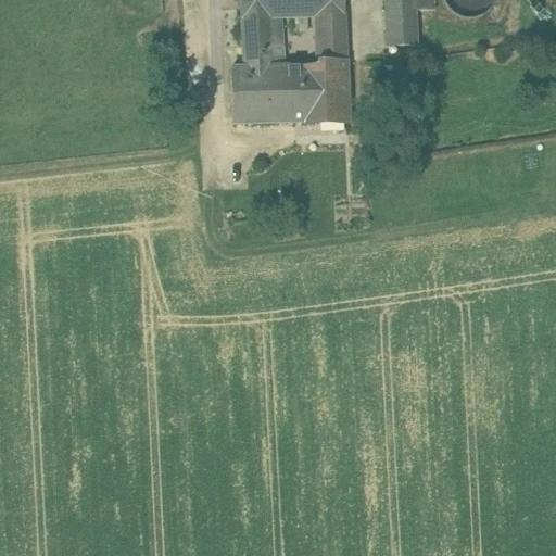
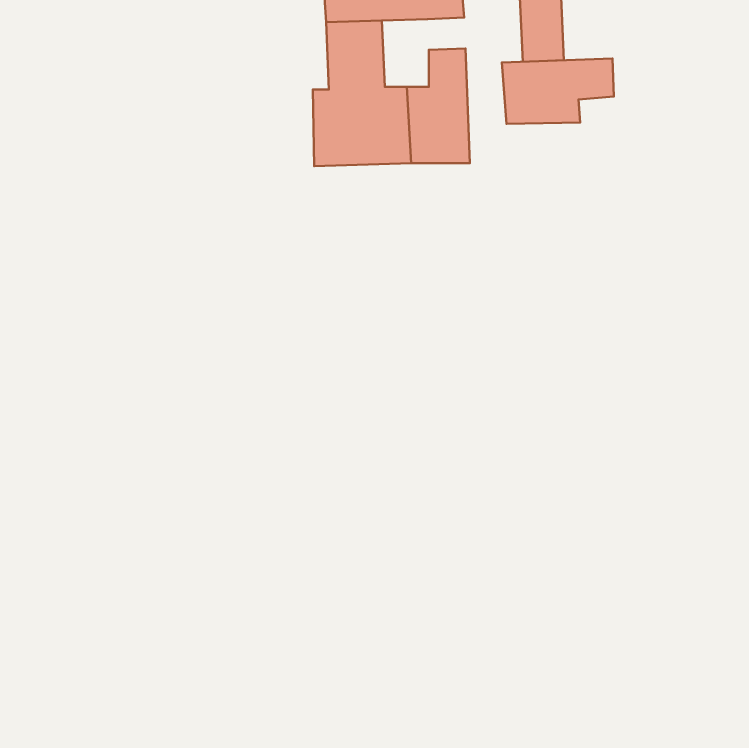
building: [317,13,345,37] -> none
building: none -> [502,58,614,124]

